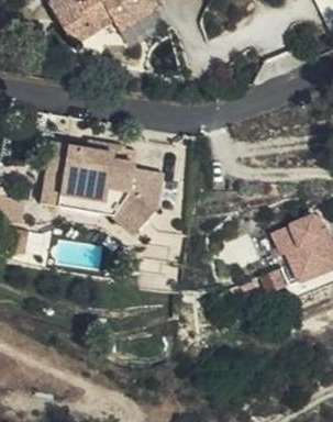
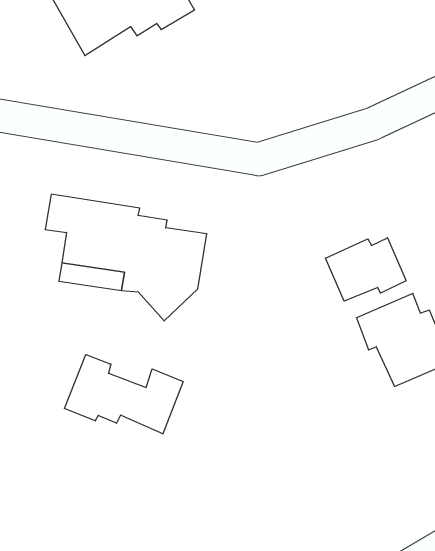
building: none -> [326,238,406,301]
building: none -> [64,355,183,434]

